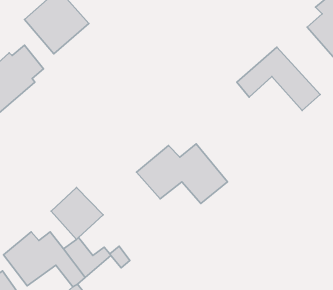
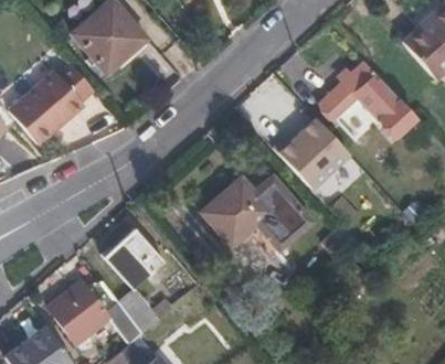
building: none -> [278,116,352,190]

